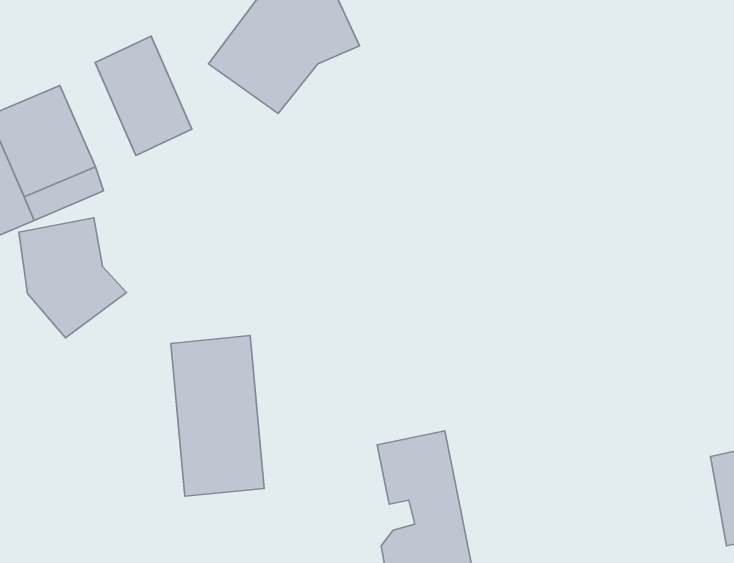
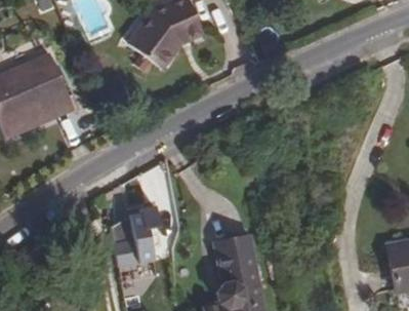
building: [95,36,192,156] -> none
building: [19,218,127,338] -> none

